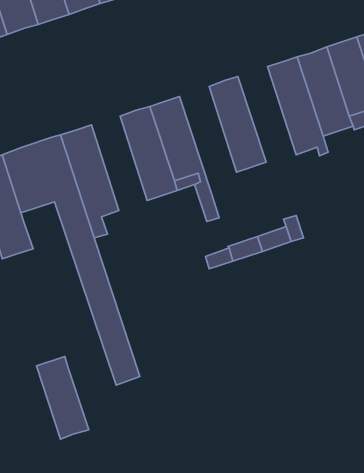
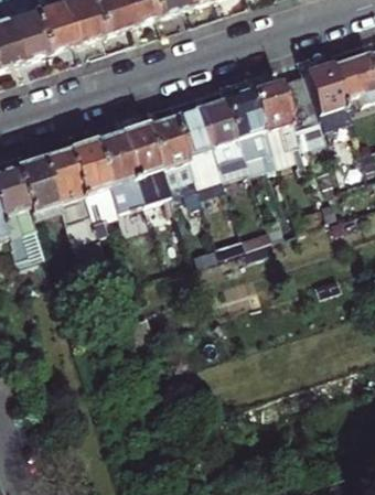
building: none -> [226,88,278,175]
building: none -> [174,106,228,202]
building: none -> [96,132,146,216]
building: [36,356,89,439] -> none

